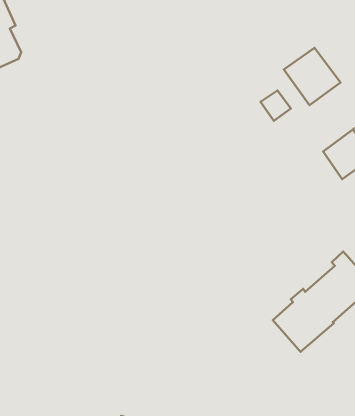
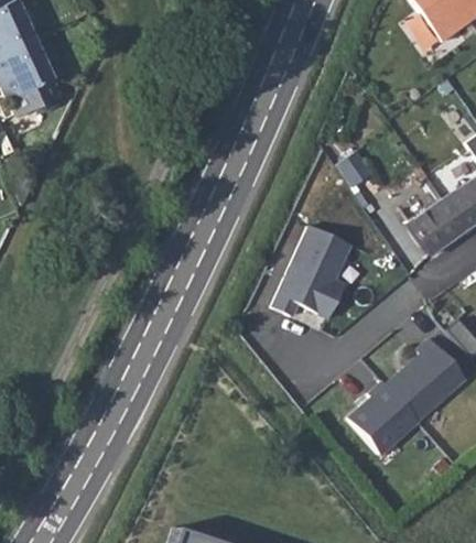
building: [284,48,341,105] -> none
building: none -> [271,226,350,318]

